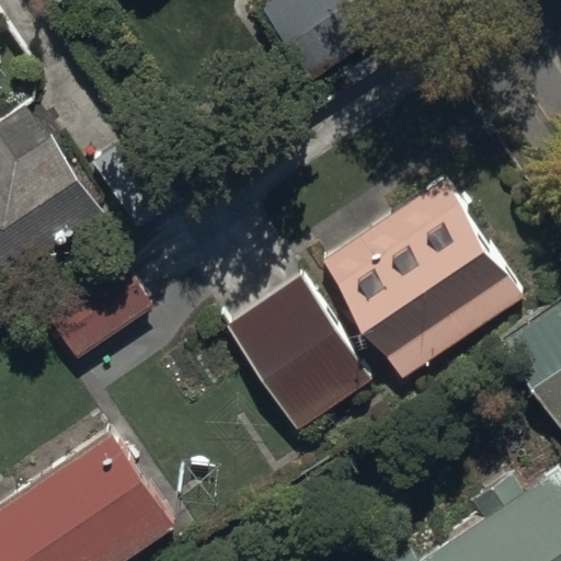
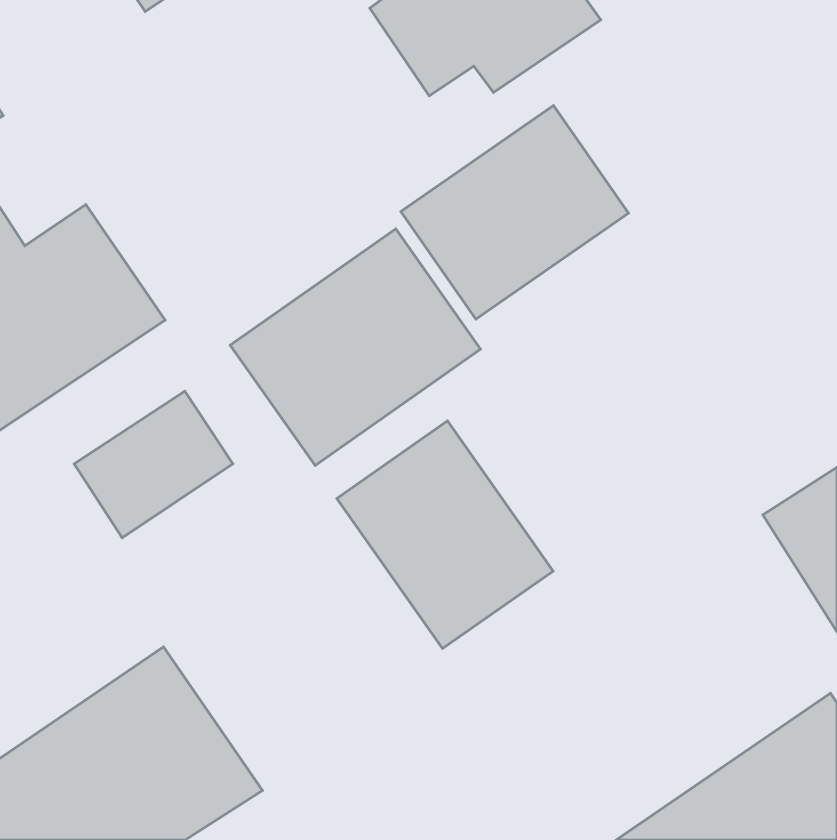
building: none -> [401,105,629,319]
building: none -> [230,229,481,466]
building: [320,178,524,379] -> none

